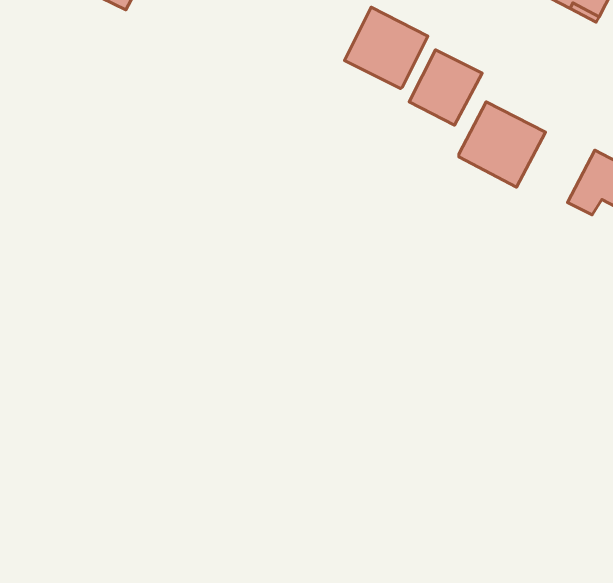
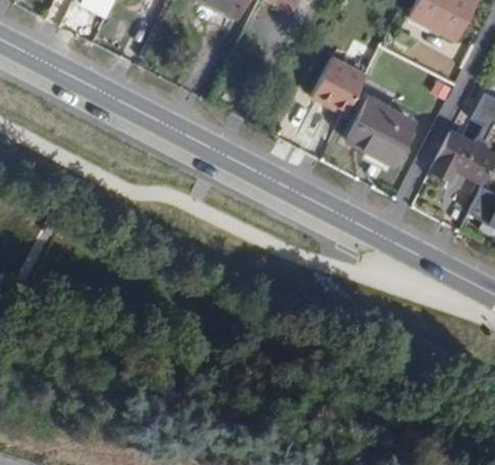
building: [344,7,428,88] -> none

